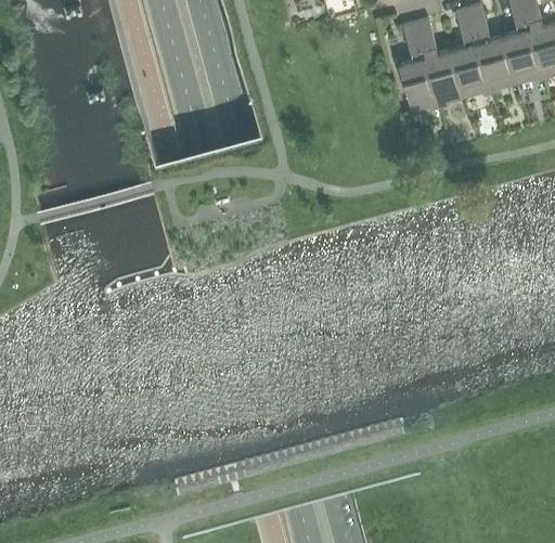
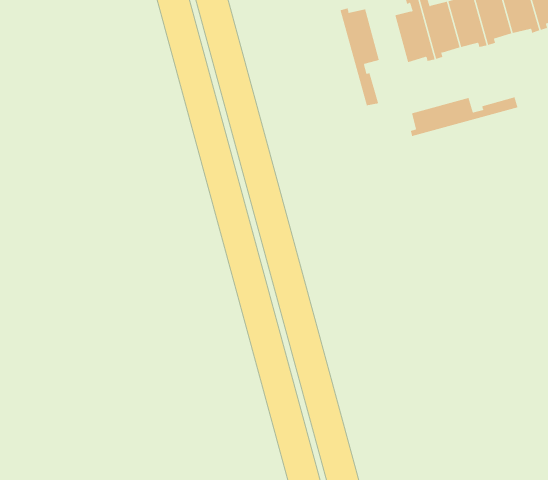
building: none -> [340,7,379,106]
building: none -> [410,97,518,137]

